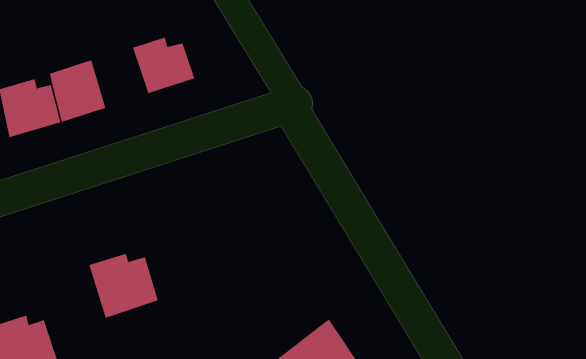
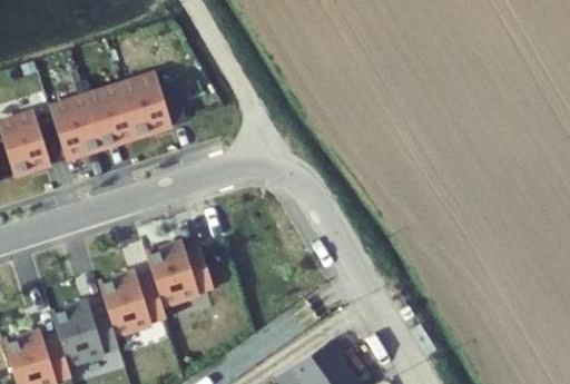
building: none -> [100,85,153,141]
building: none -> [144,247,210,309]
building: none -> [49,306,116,367]

